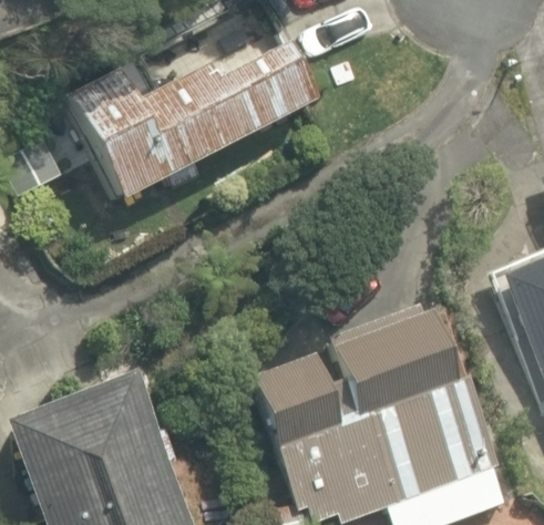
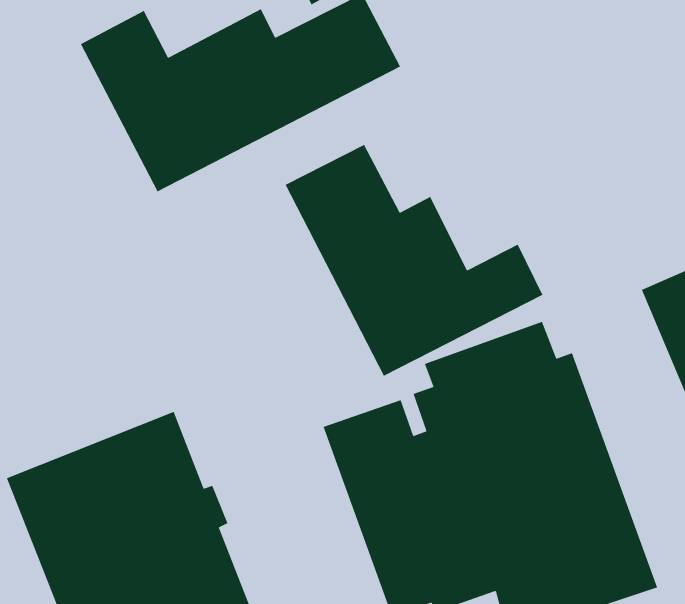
building: none -> [285,144,543,377]

